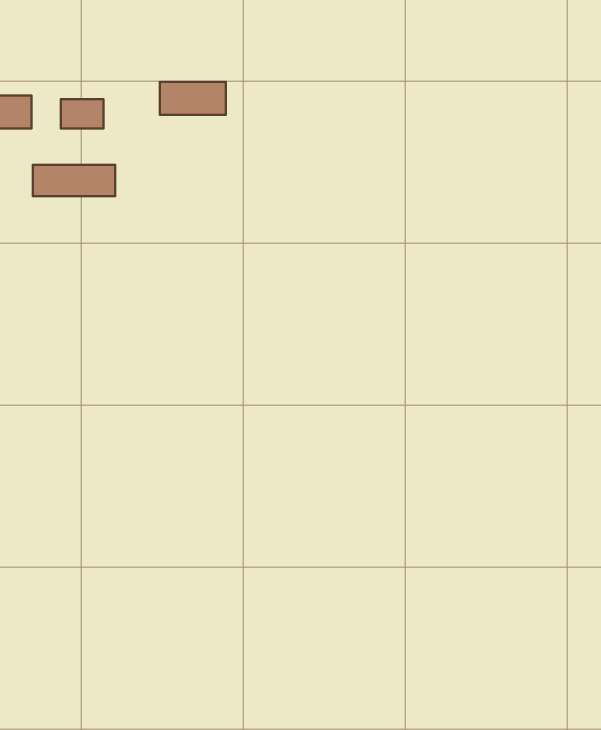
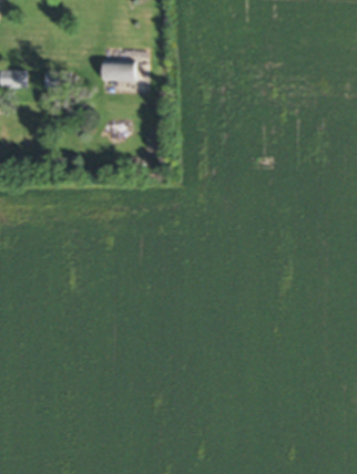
building: [33,165,115,196] -> none

